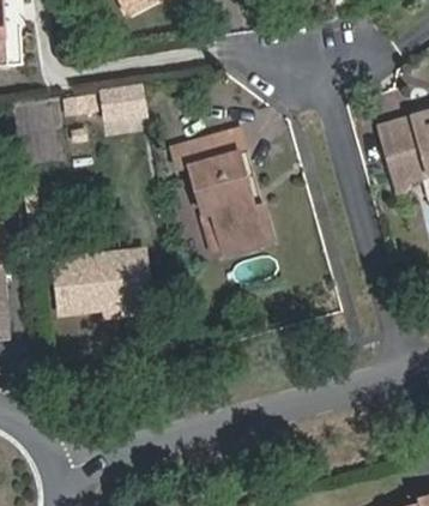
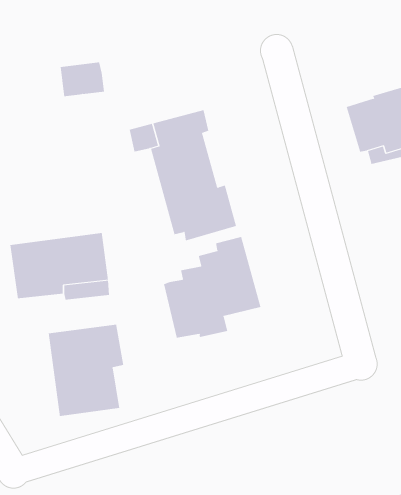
building: none -> [164,236,261,338]
building: none -> [48,324,124,417]

